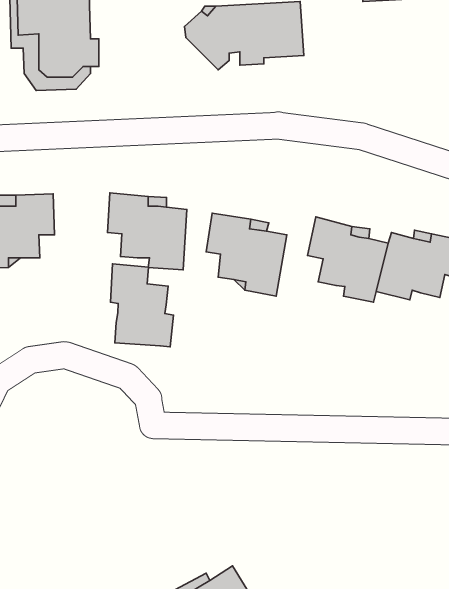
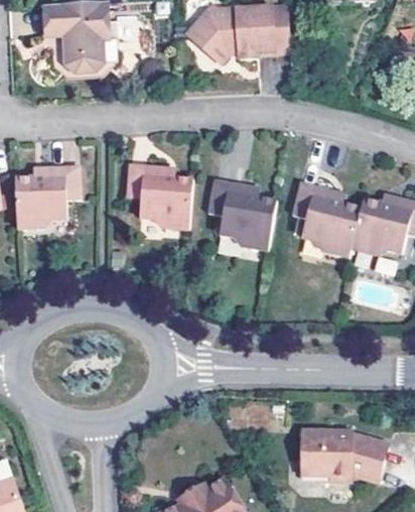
building: [111,264,174,347] -> none
building: none -> [305,428,393,479]

